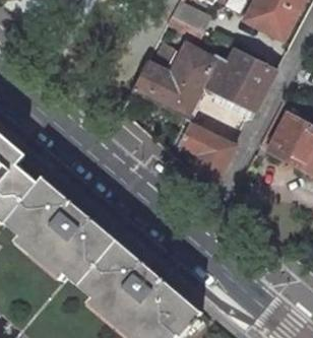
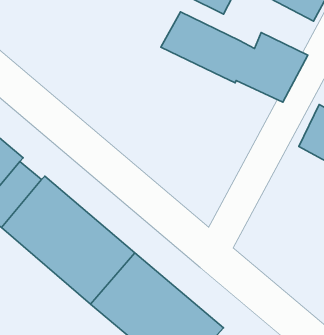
building: [132,63,202,122] -> none
building: [182,124,238,185] -> none

